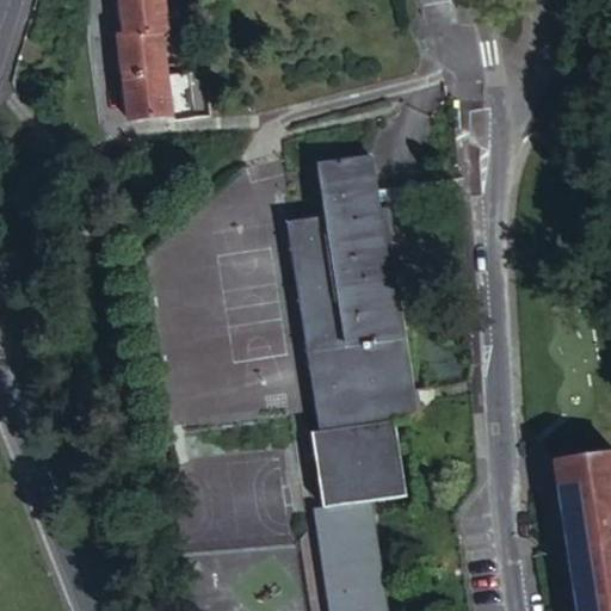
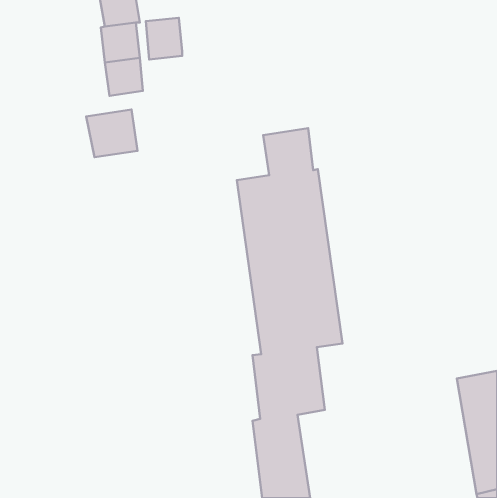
building: none -> [146,18,182,59]
building: none -> [86,110,138,157]

